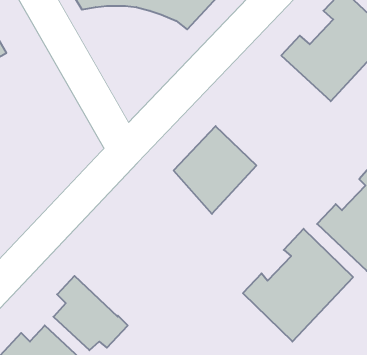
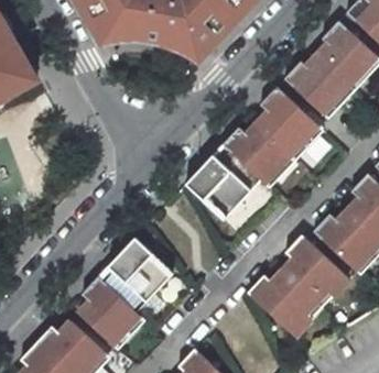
building: none -> [224,88,321,188]
building: none -> [98,237,173,312]

